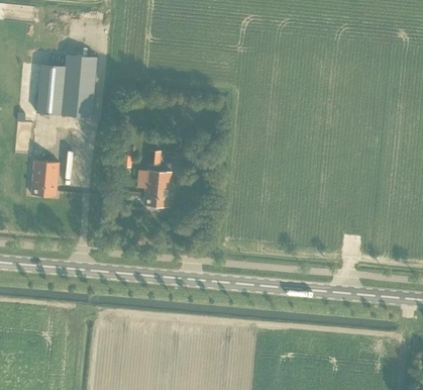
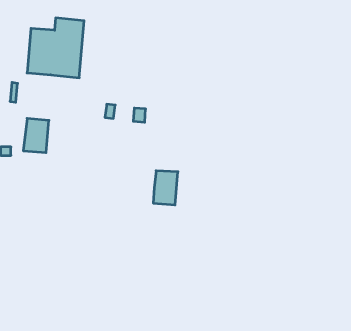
building: [143,171,170,207] -> [153,171,178,205]

